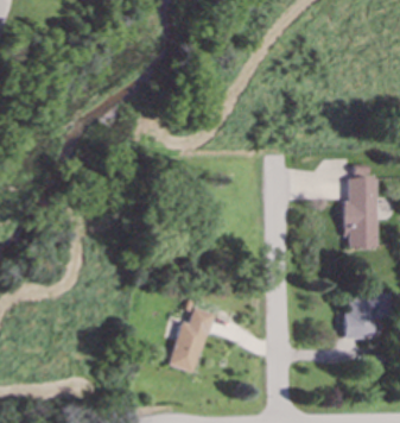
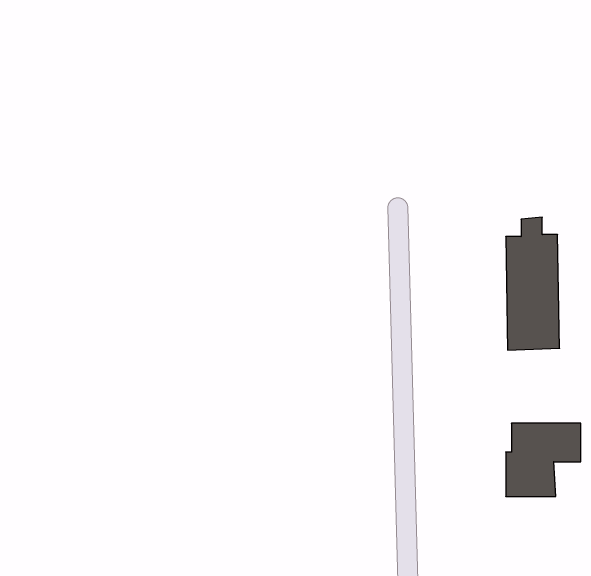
building: [169,307,212,373] -> none

